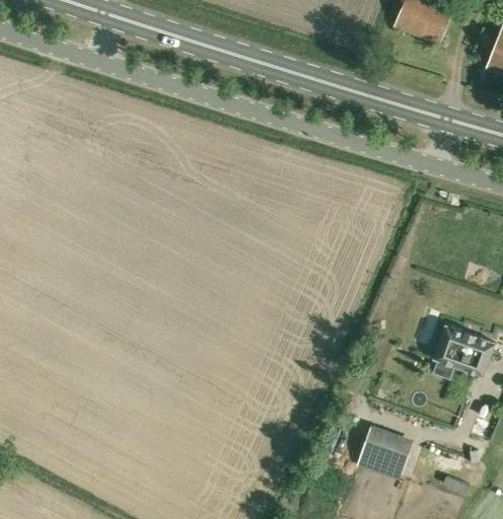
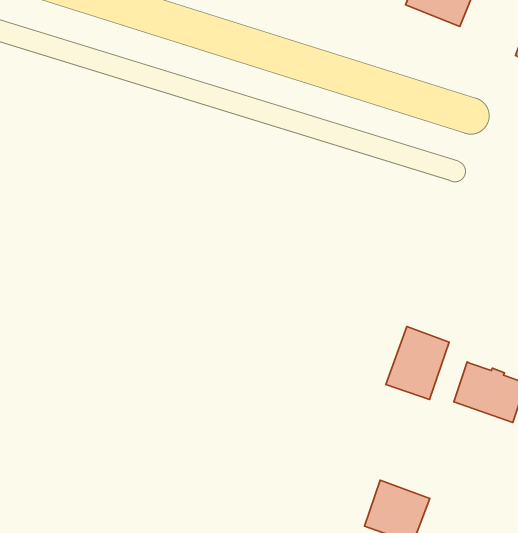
building: none -> [386,326,449,400]

